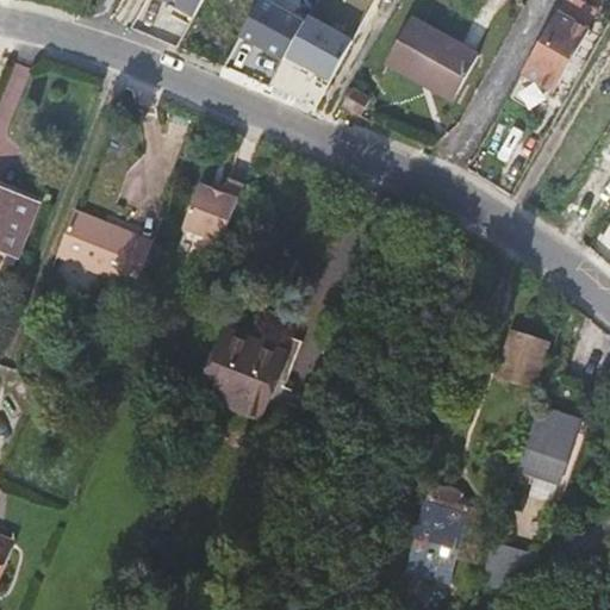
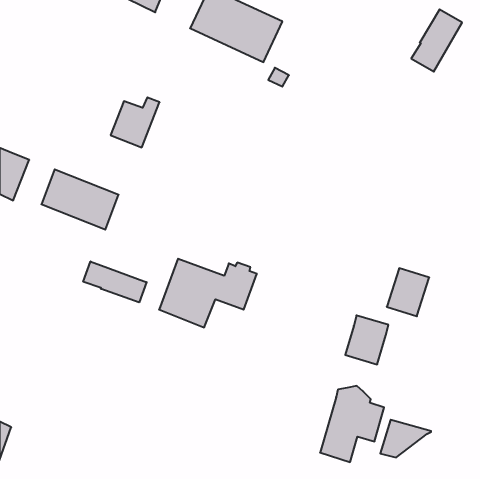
building: [382,13,475,92] -> none
building: [182,178,244,241] -> [111,97,160,147]
building: none -> [83,261,147,302]
building: [518,411,573,473] -> [345,315,388,364]

